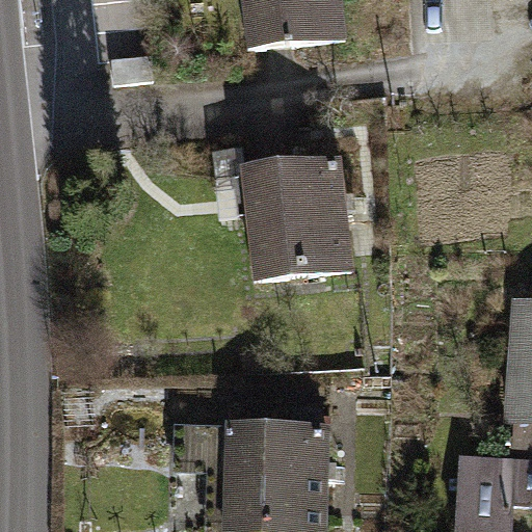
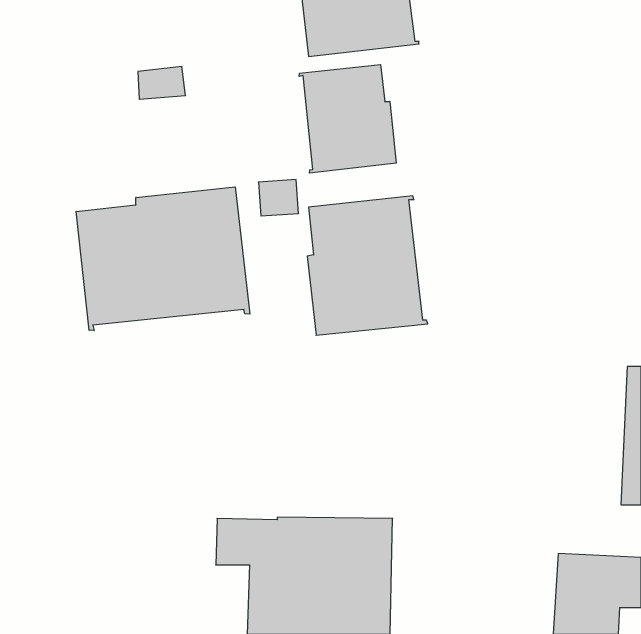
building: none -> [299,65,396,173]
building: none -> [76,187,250,331]

